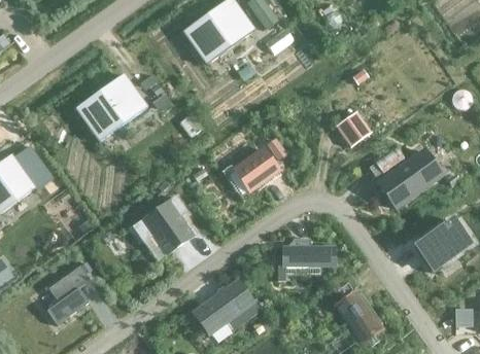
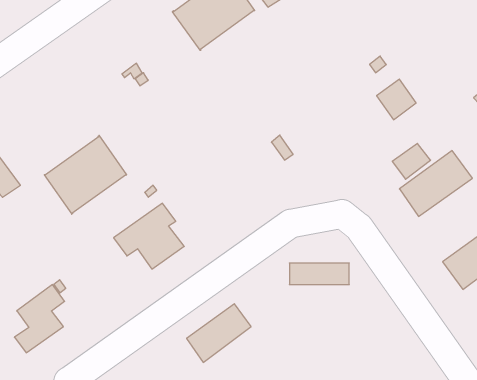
building: [75,73,146,141] -> [44,135,127,214]
building: [336,111,370,146] -> [377,79,416,120]
building: [233,148,277,190] -> none
building: [336,292,381,342] -> none

